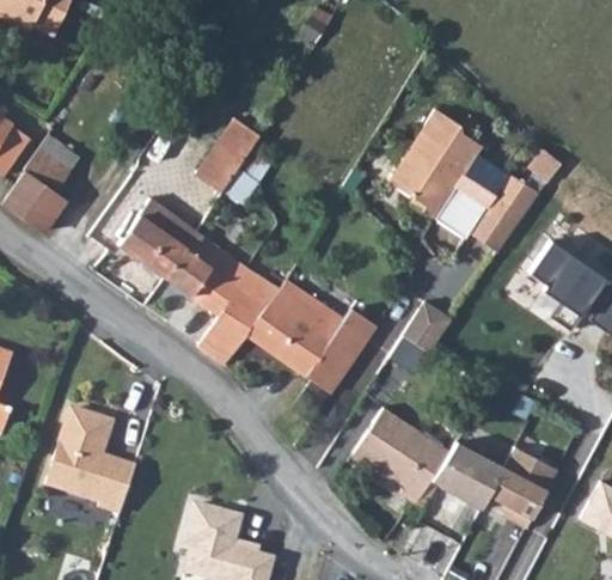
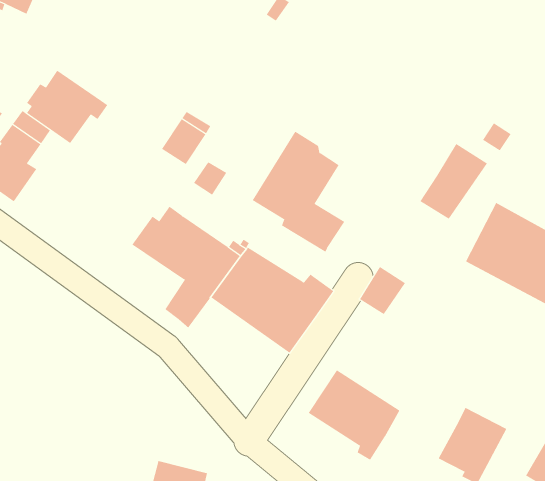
building: [387,108,485,236] -> [252,131,345,253]
building: [118,199,204,276] -> [26,70,108,144]
building: [45,410,135,515] -> none
building: [432,438,506,508] -> none

